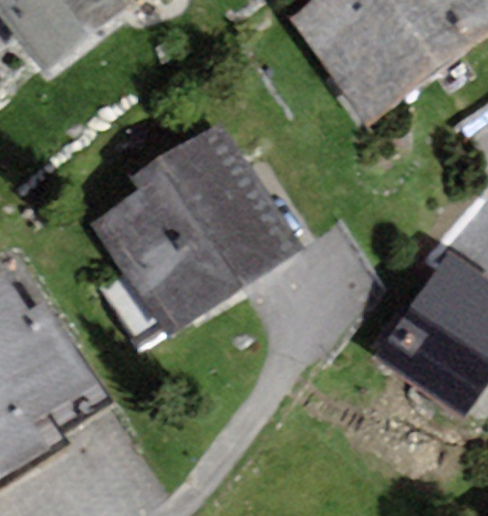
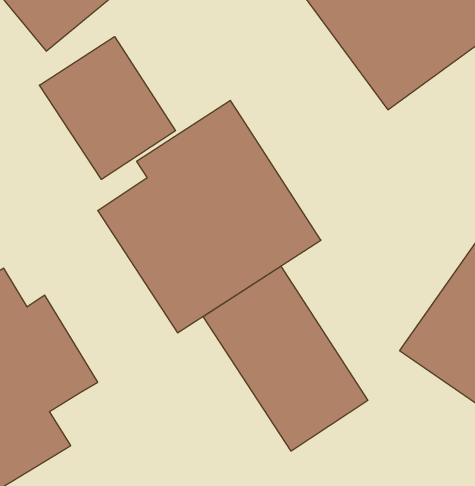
building: none -> [39,37,175,179]
building: none -> [203,266,368,451]

